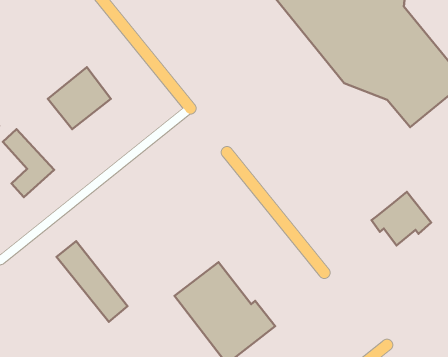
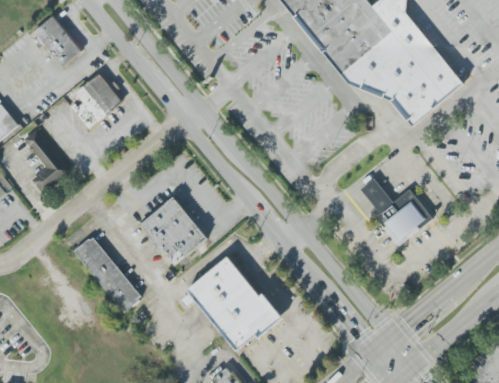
building: none -> [33,15,81,66]
building: none -> [359,177,392,212]
building: none -> [140,196,206,264]

